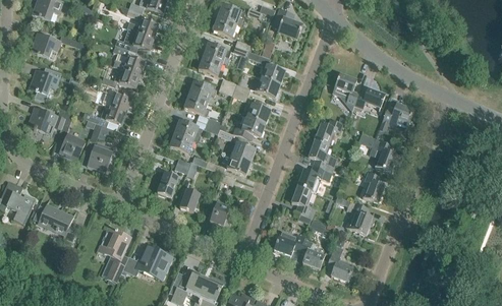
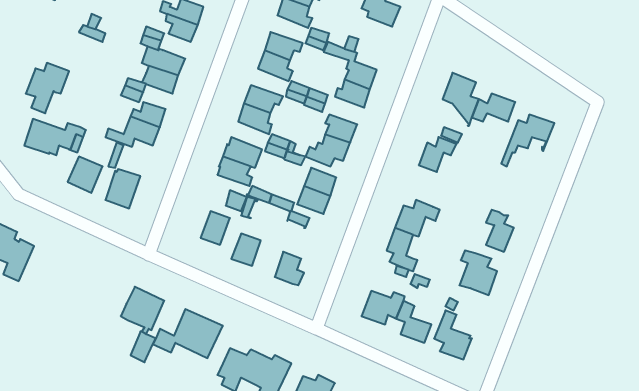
building: [32,32,61,57] -> none
building: [370,138,397,171] -> none
building: [309,139,337,172] -> none
building: [39,203,78,241] -> none

